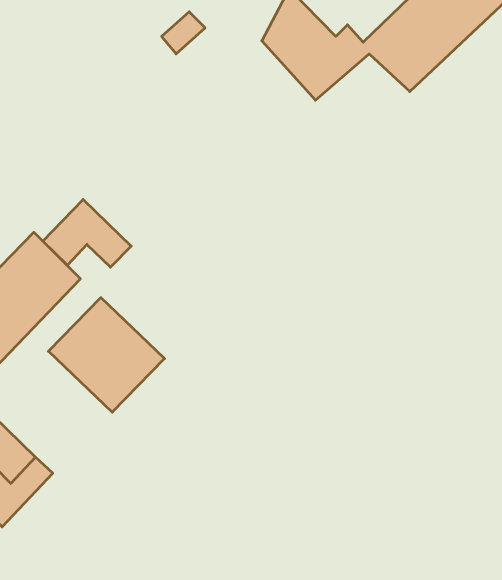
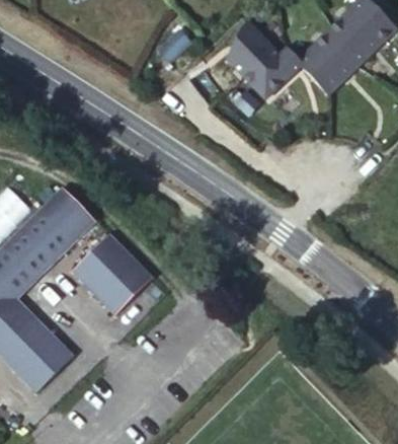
building: [43,199,131,267] -> none

